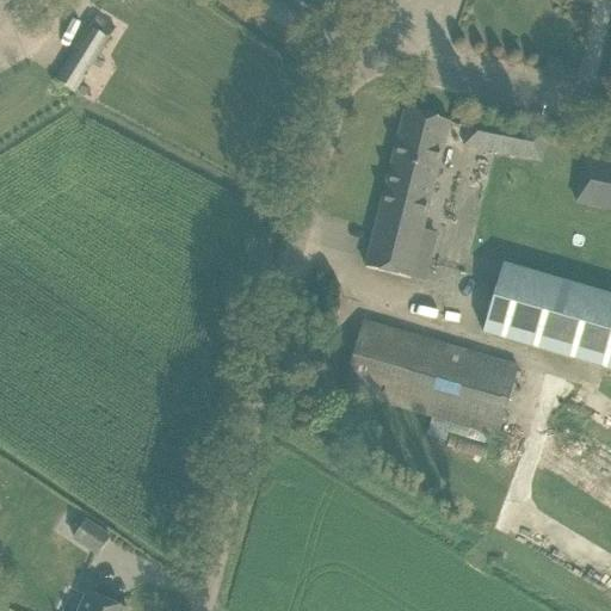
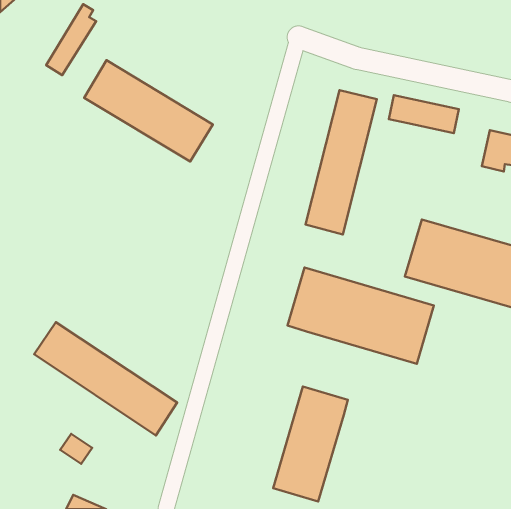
building: none -> [84,60,213,162]
building: none -> [34,322,177,435]
building: none -> [273,386,348,501]

